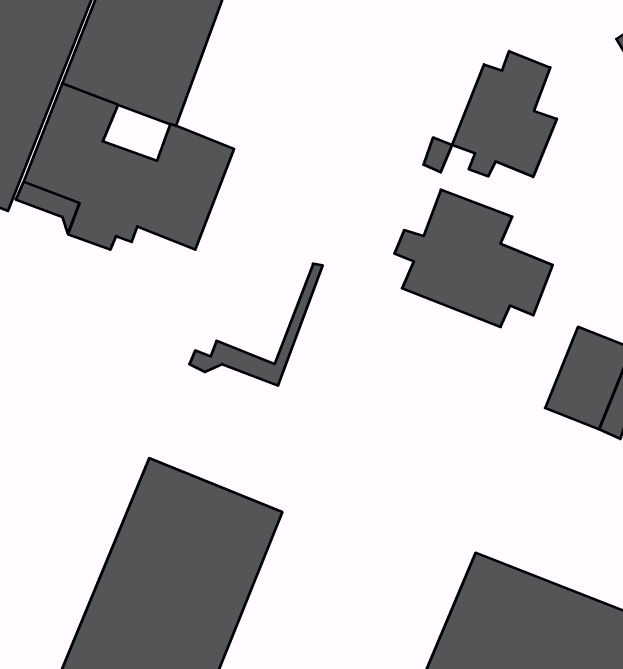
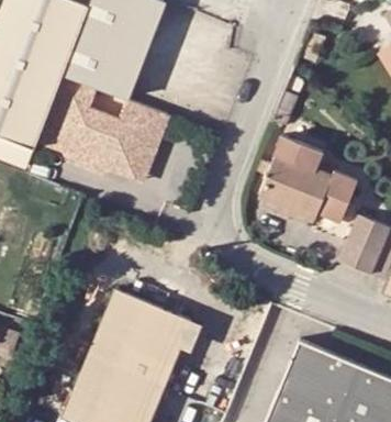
building: [452,51,557,177] -> none
building: [189,264,323,385] -> [93,113,169,182]

